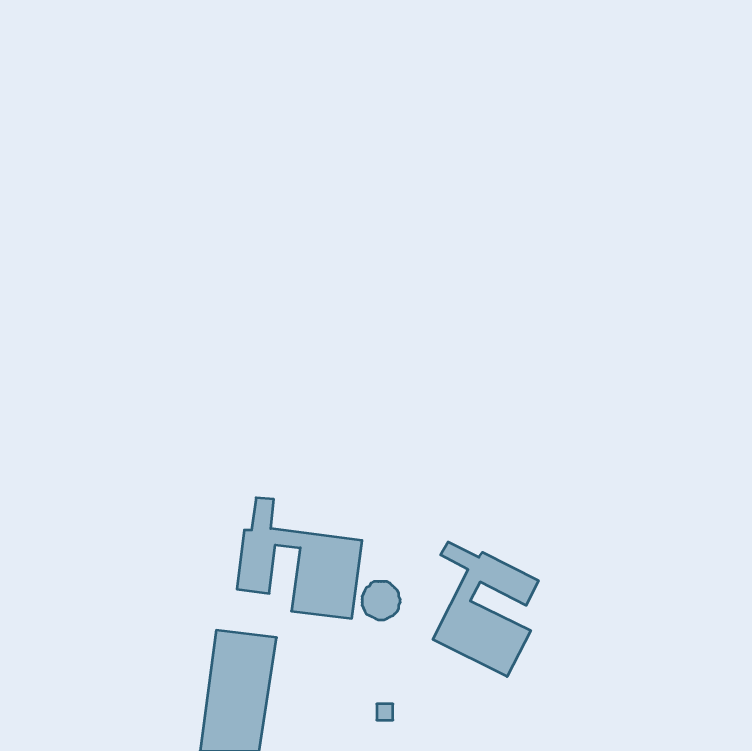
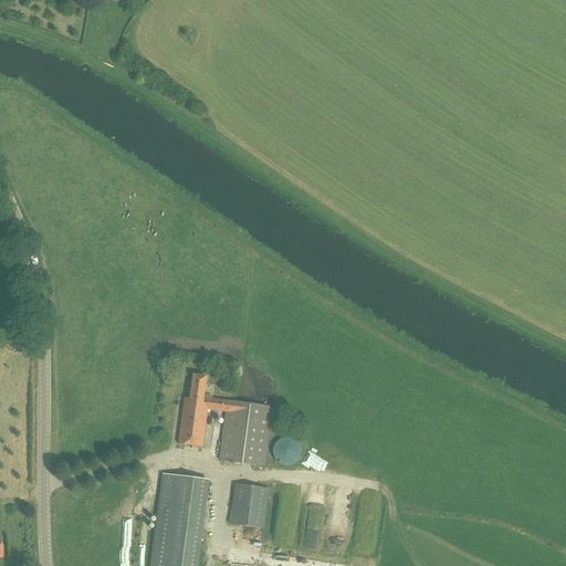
building: [433,542,538,677] -> none
building: none -> [229,483,269,528]

